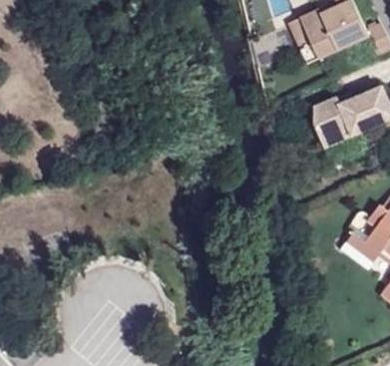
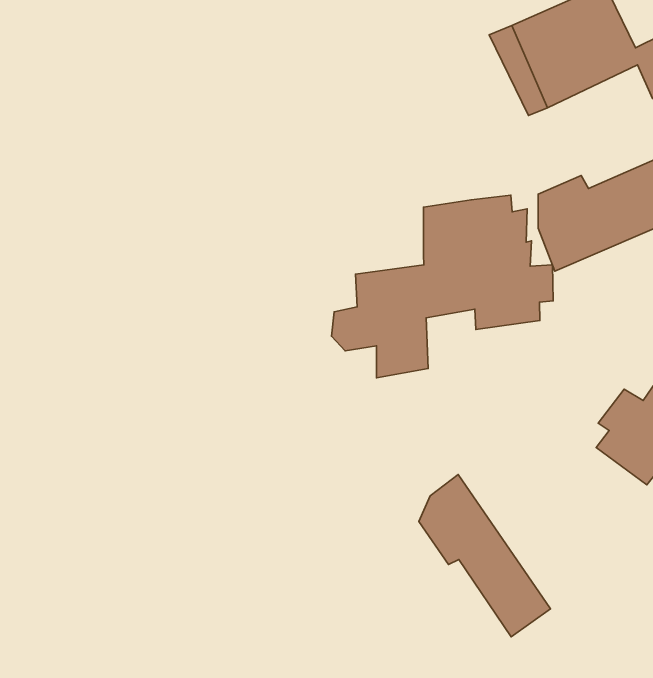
building: none -> [332,195,553,378]
building: none -> [419,474,551,637]

